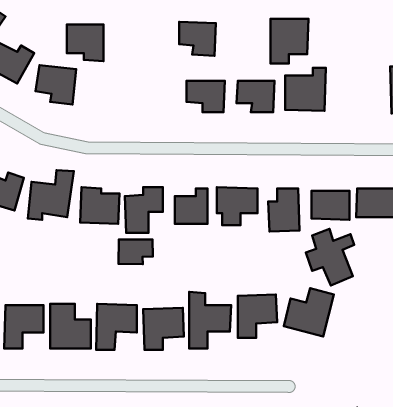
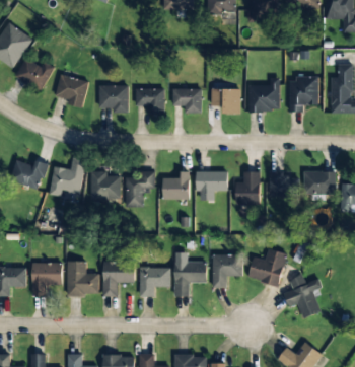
building: [270,19,308,63] -> [289,78,318,113]
building: [179,22,216,56] -> [136,88,164,115]
building: [67,24,104,61] -> [99,85,128,114]
building: [306,229,354,285] -> [284,275,322,318]
building: [119,240,153,264] -> none

